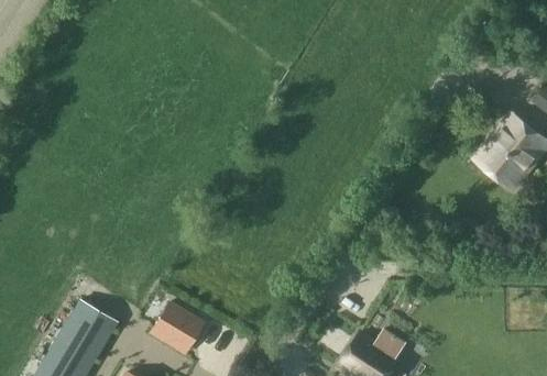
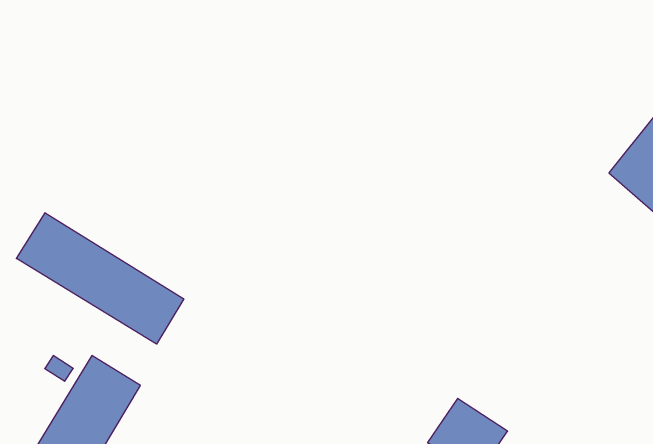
building: none -> [16,213,184,344]
building: [152,305,200,352] -> none

